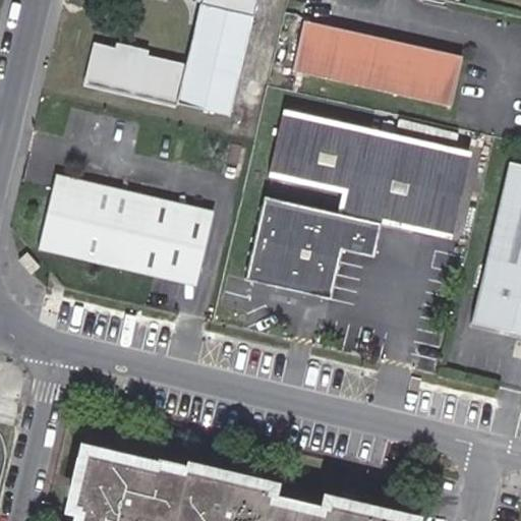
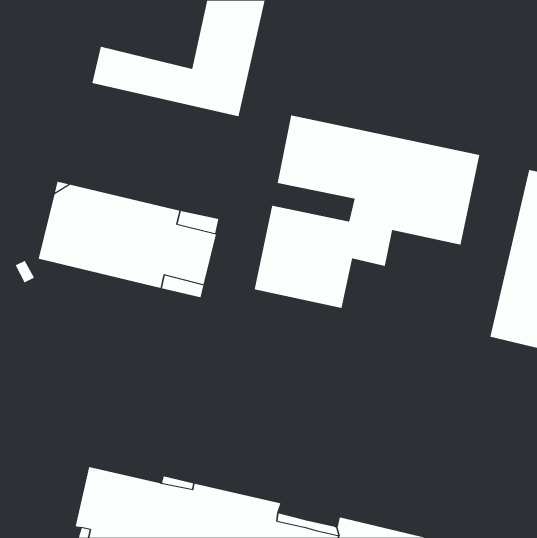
building: [292,21,467,108] -> none

